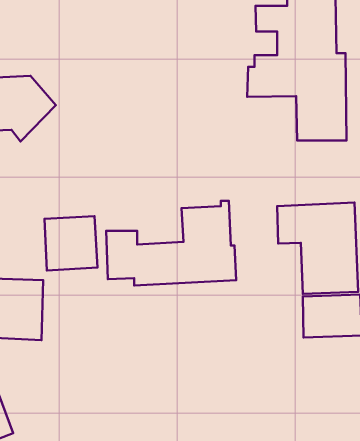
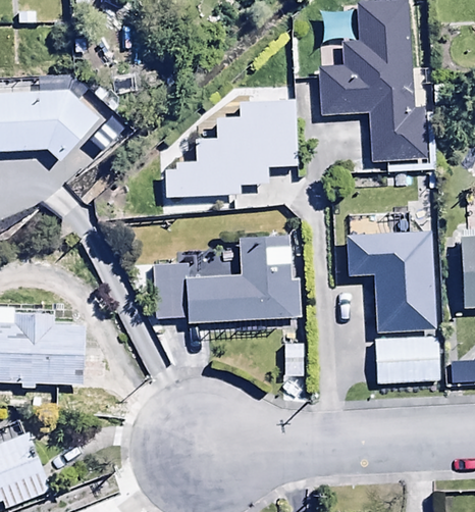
building: none -> [163,100,300,196]
building: [44,216,98,270] -> none

